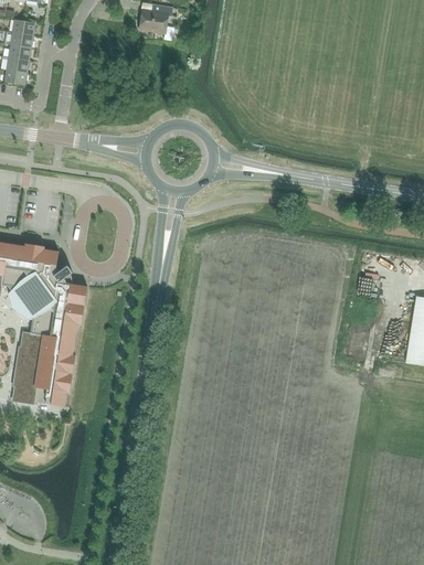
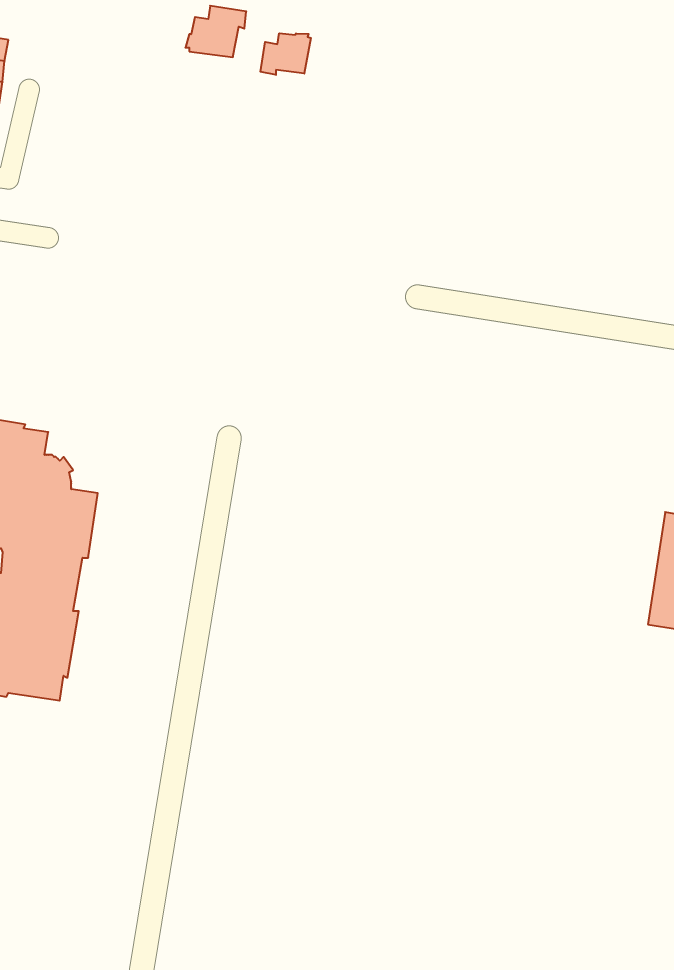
building: none -> [260,33,311,75]

